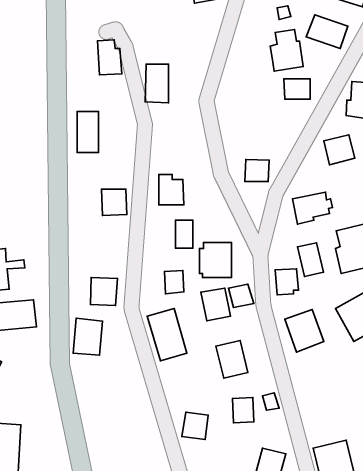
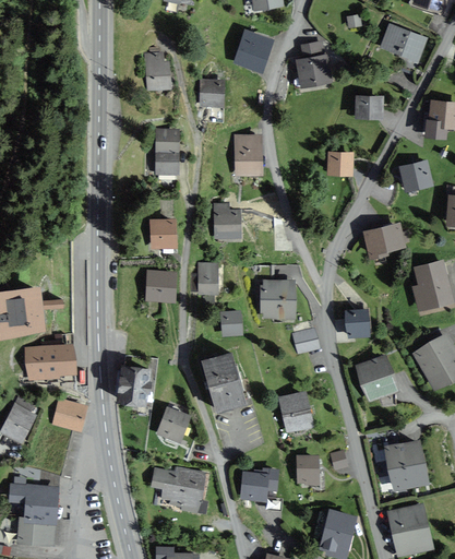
building: none -> [232,29,274,72]
building: [270,30,303,71] -> [295,40,332,87]
building: [77,112,98,152] -> [154,129,178,175]
building: none -> [235,134,263,175]
building: [245,159,269,182] -> [326,151,354,176]
building: [175,220,193,248] -> [197,263,217,295]
building: [298,243,323,276] -> none
building: [90,277,118,306] -> [145,270,176,301]
building: [201,288,230,321] -> none
building: none -> [51,396,86,431]
building: none -> [156,407,190,443]
building: none -> [385,439,429,490]
building: none -> [151,466,204,511]

